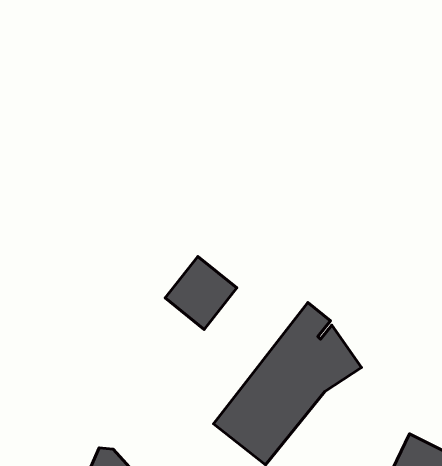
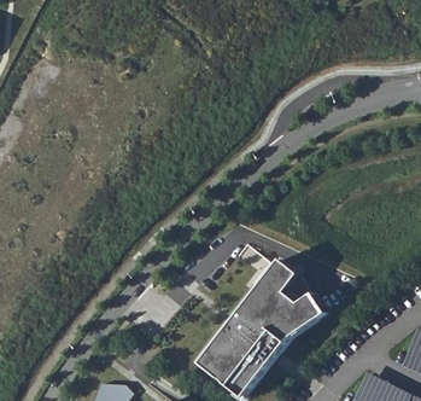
building: [165,256,237,329] -> none

